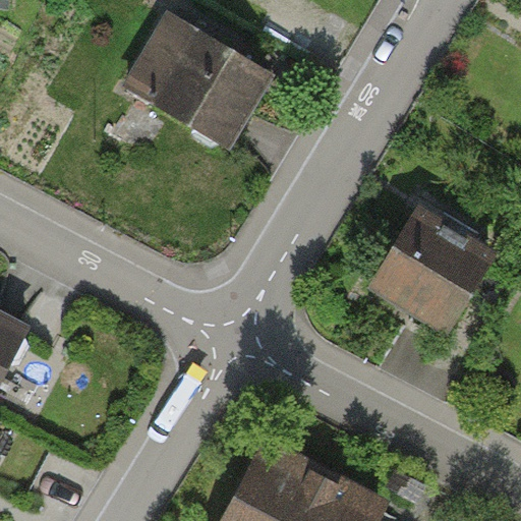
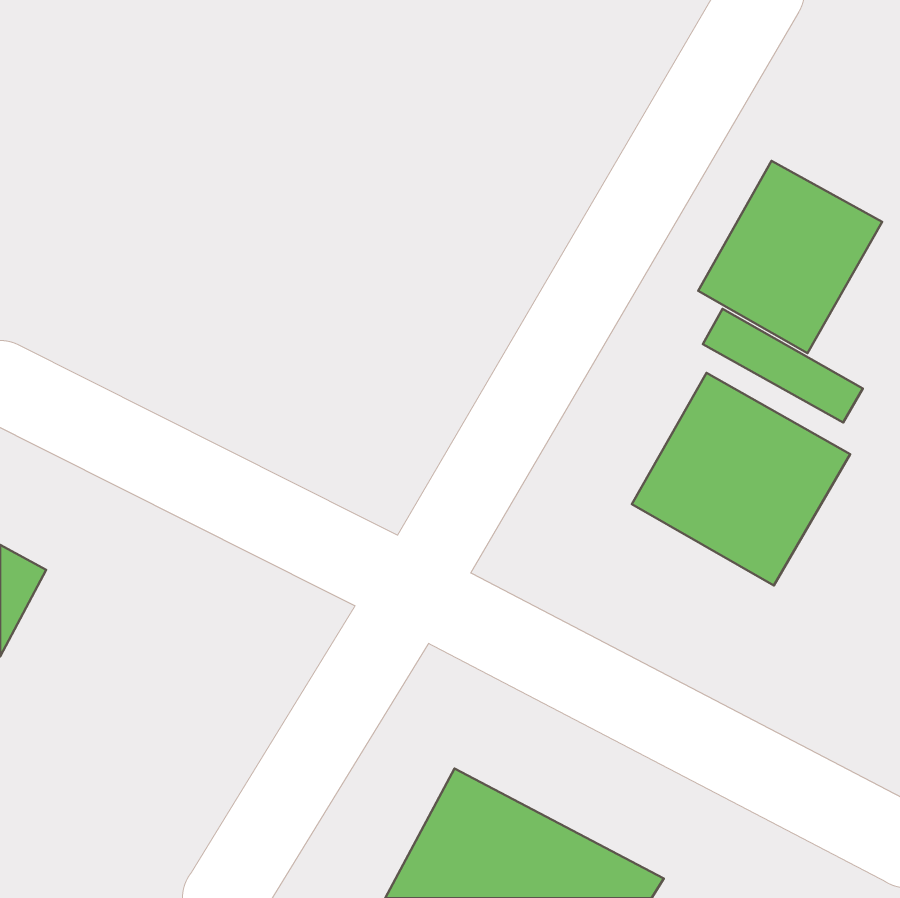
building: [123,14,273,153] -> none
building: none -> [698,161,882,353]

